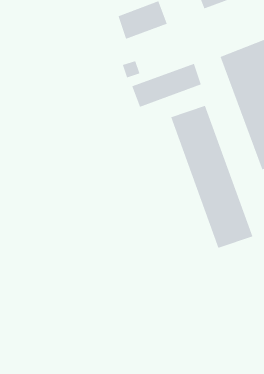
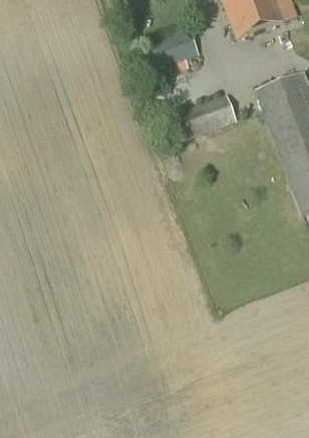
building: [170,105,253,249] -> none

